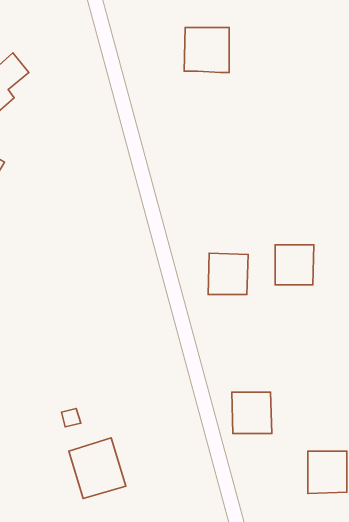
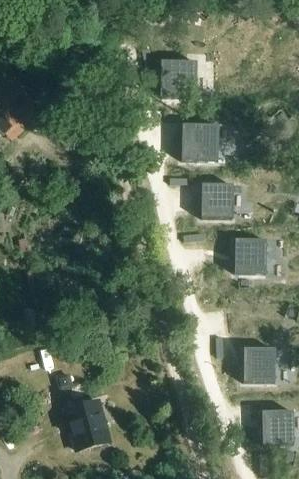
building: none -> [182,125,218,161]
building: [208,253,248,295] -> [201,184,234,218]
building: [232,392,272,433] -> [243,347,276,381]

